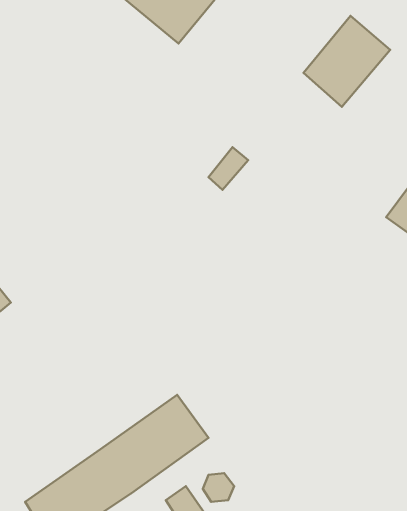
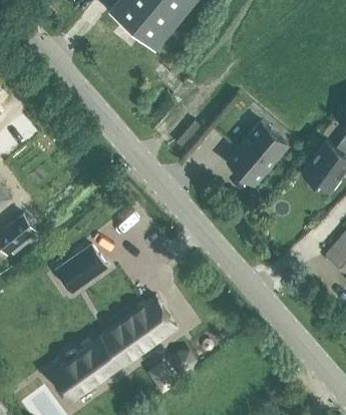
building: [303,16,390,107] -> [225,121,286,185]
building: none -> [55,246,108,294]

